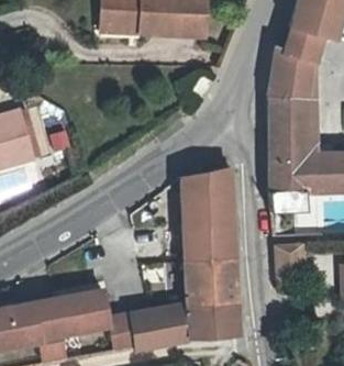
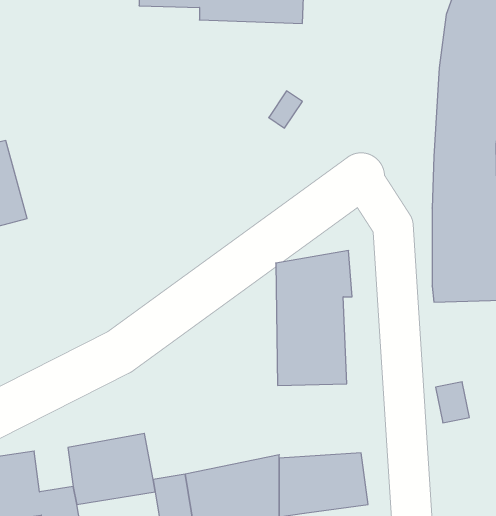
building: [185,258,236,304] -> none

